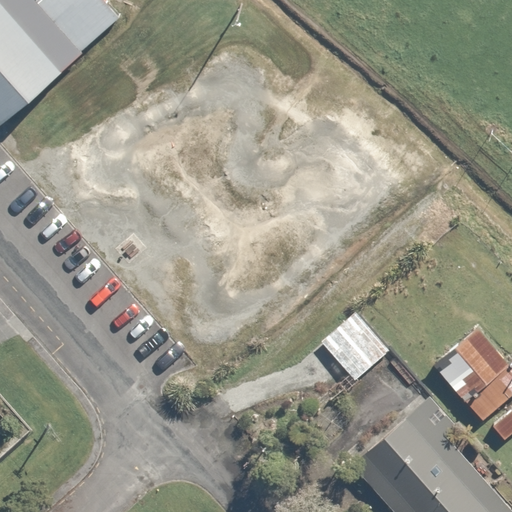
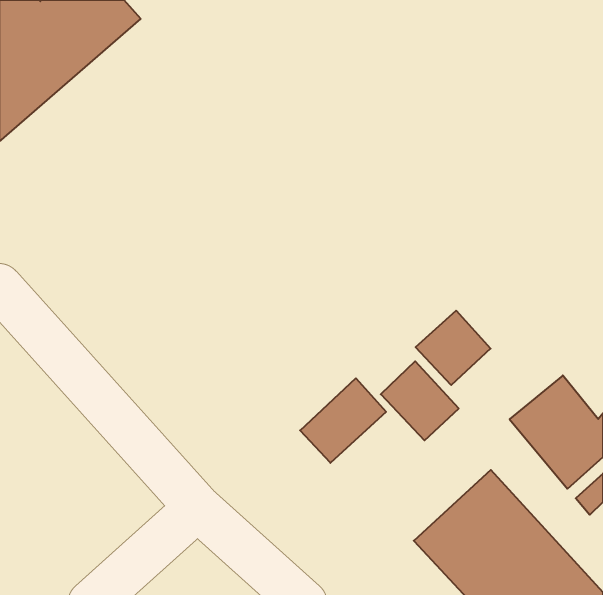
building: none -> [416,311,491,385]
building: none -> [300,378,386,463]

